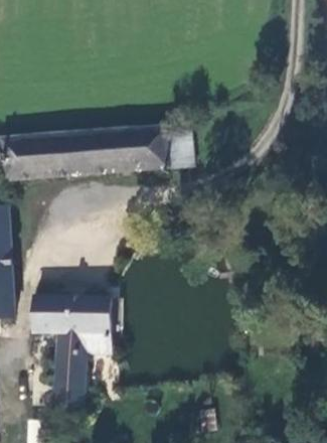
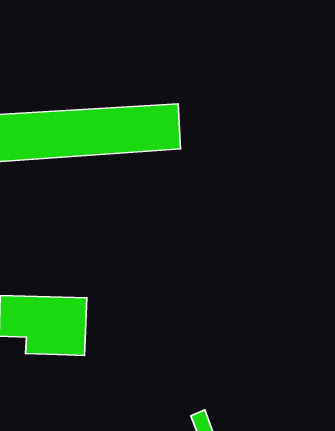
building: [52,345,85,408] -> none

